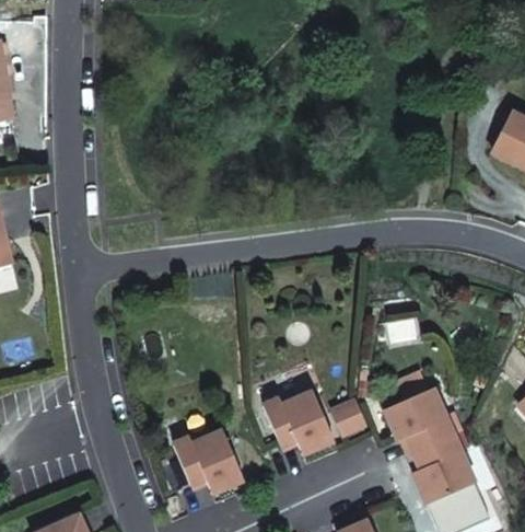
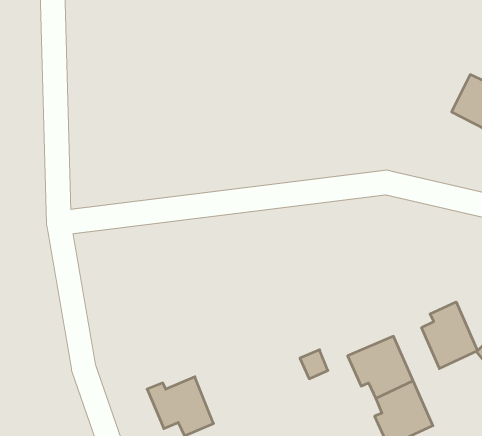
building: none -> [422,302,478,369]
building: [261,391,332,454] -> none

